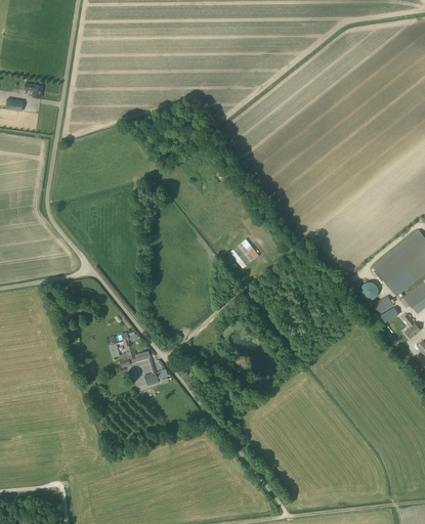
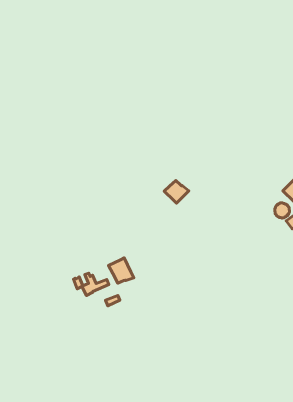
building: none -> [108,258,134,283]

